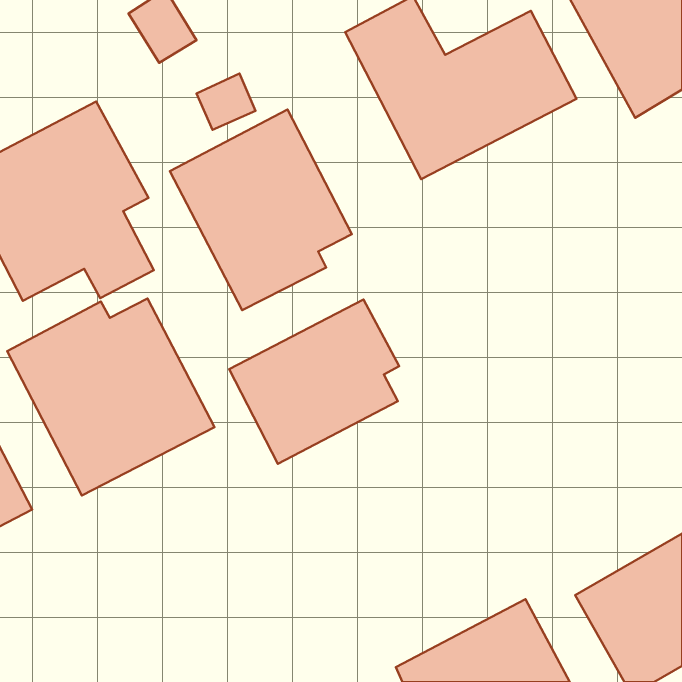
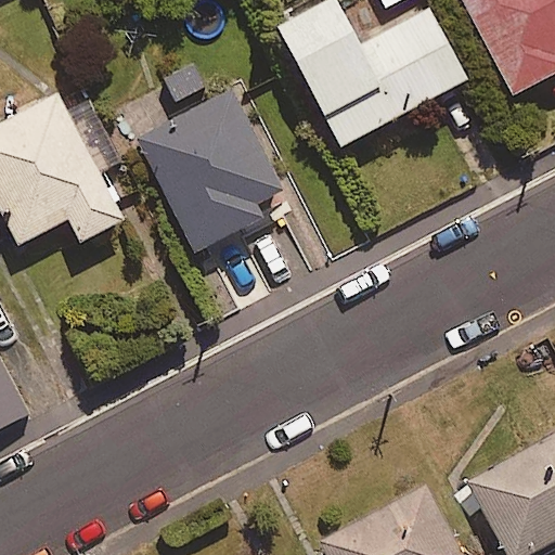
building: [7,298,215,496] -> none
building: [229,299,399,464] -> none

